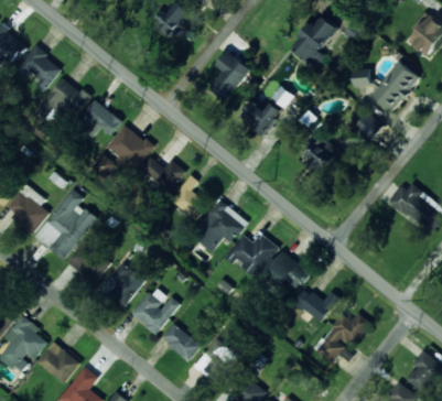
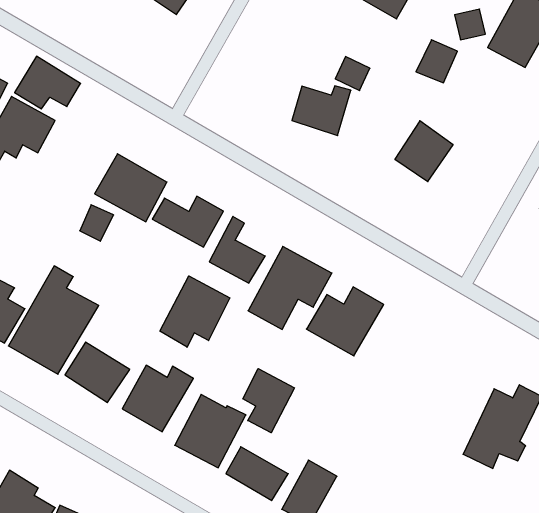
building: [209,52,250,101] -> none
building: [78,100,121,136] -> [15,56,81,109]
building: [354,113,382,142] -> [416,40,457,83]
building: none -> [160,276,230,347]
building: [267,251,310,292] -> none
building: none -> [243,369,294,433]
building: [294,289,339,324] -> none

